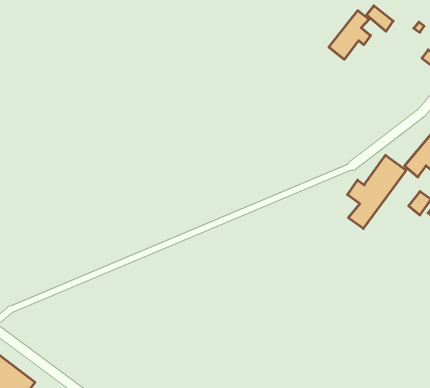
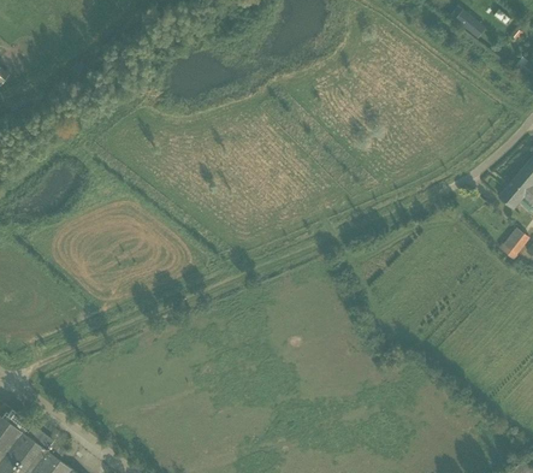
building: [329,11,371,59] -> none
building: [347,155,406,229] -> none

